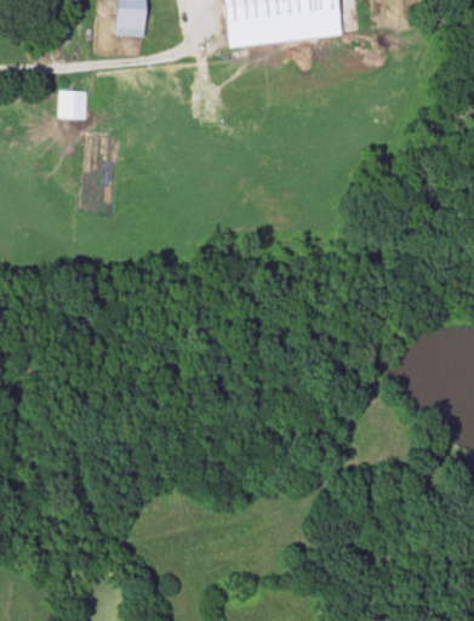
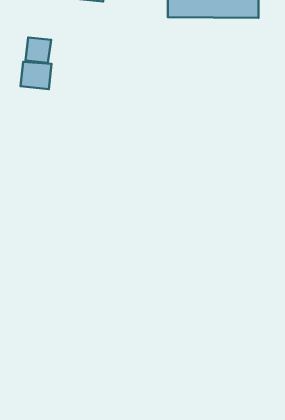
building: none -> [20,62,51,89]

